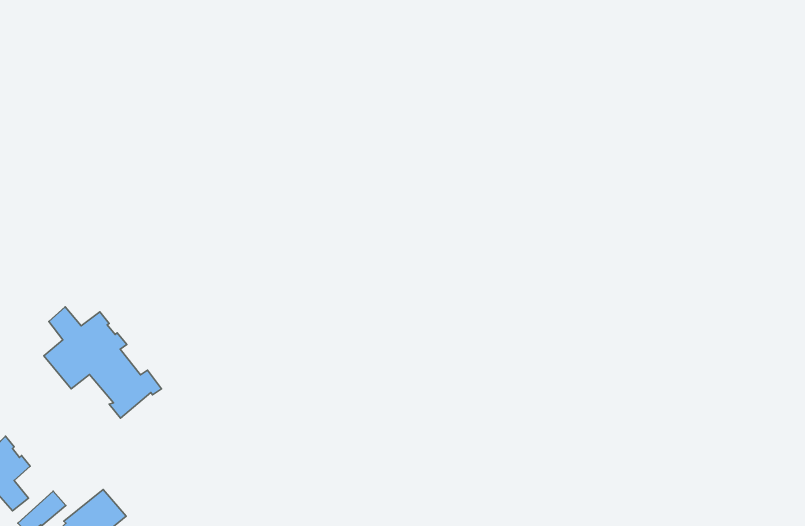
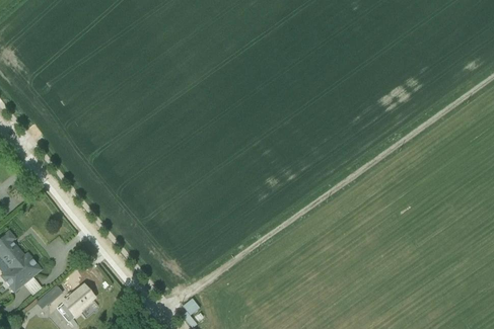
building: [44,307,162,418] -> none

